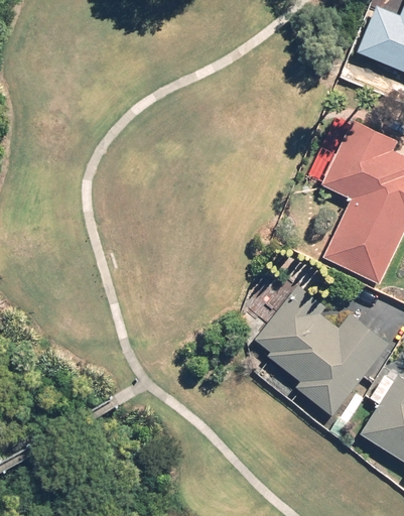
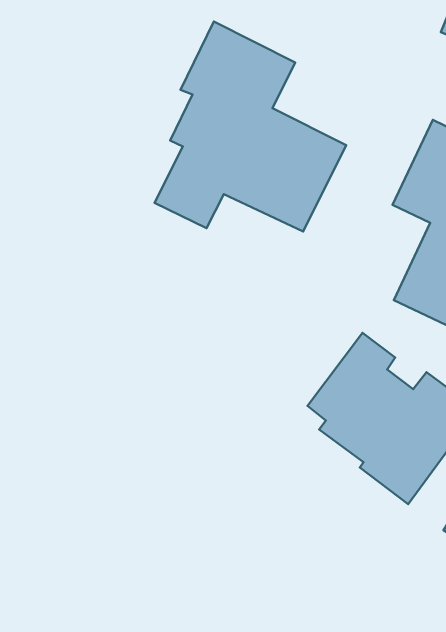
building: none -> [155,22,346,232]

